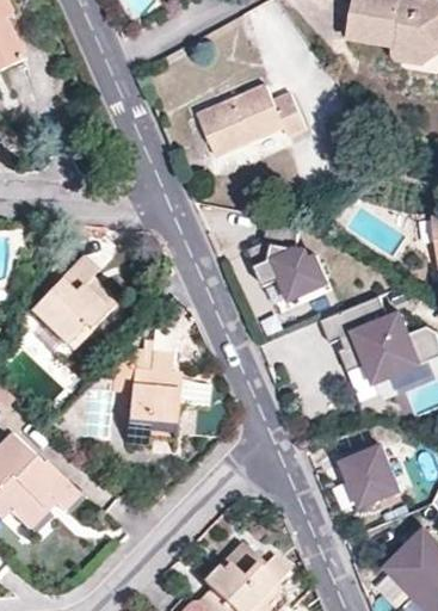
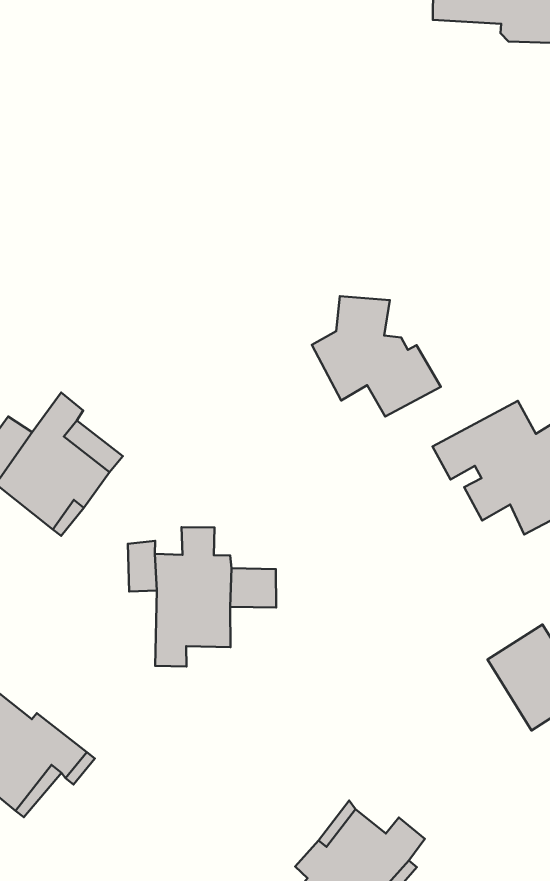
building: [201,84,307,154] -> none

